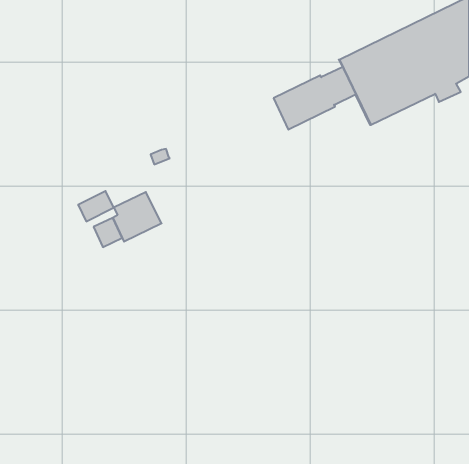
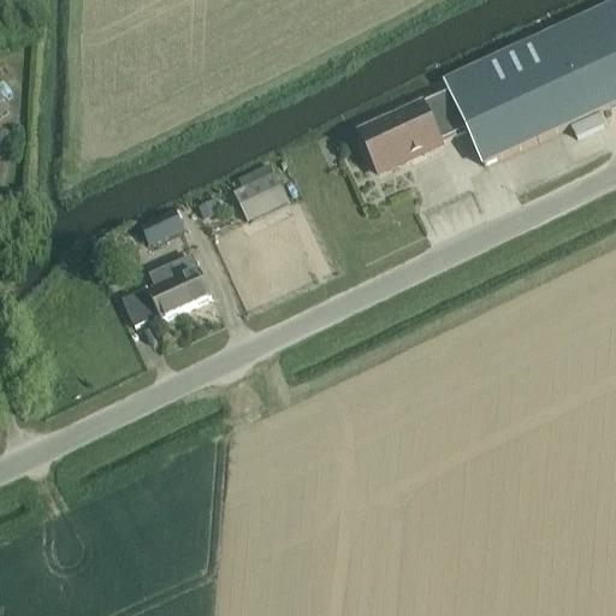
building: none -> [233,160,286,215]
building: [78,191,114,221] -> [140,205,186,244]

